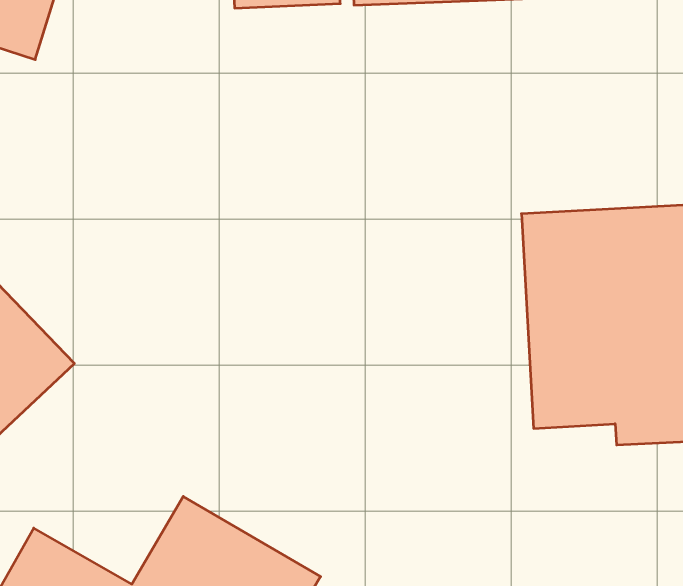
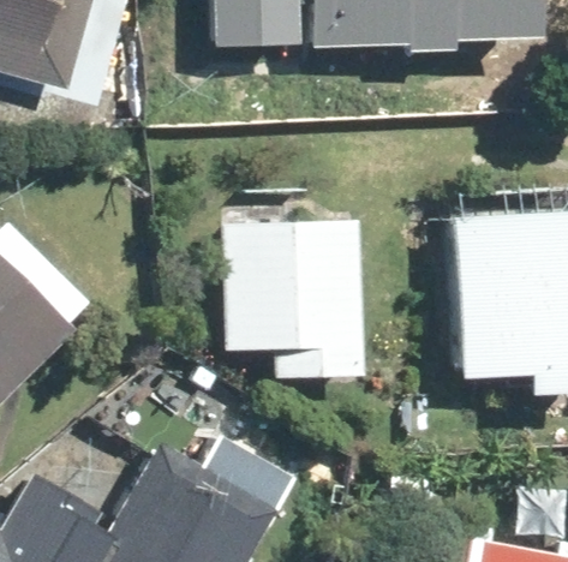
building: none -> [221,217,360,379]

